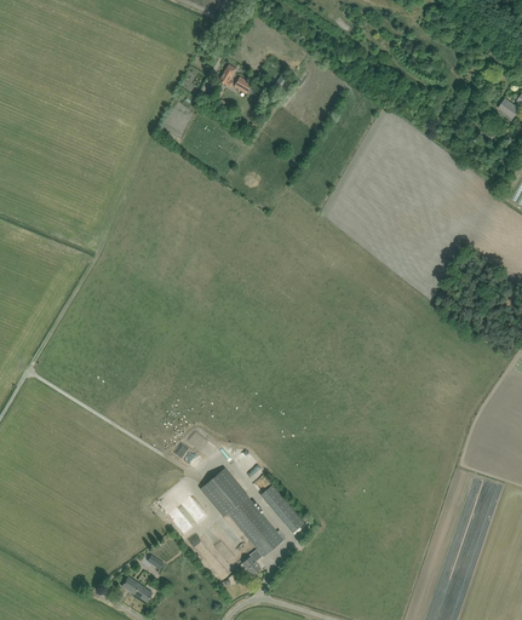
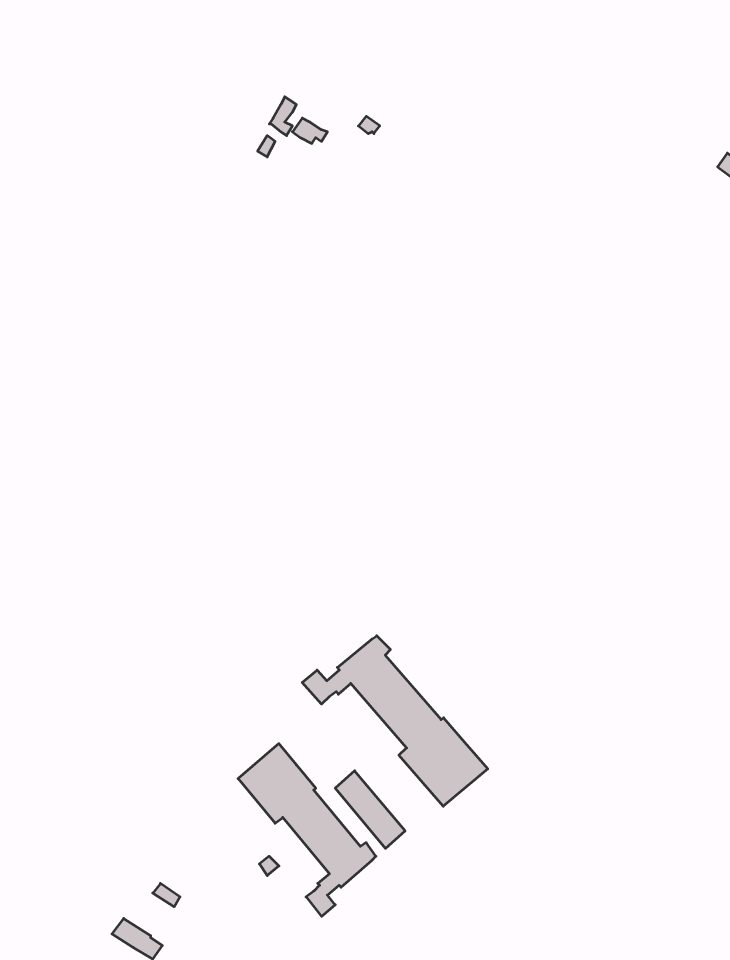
building: none -> [302,636,488,806]

